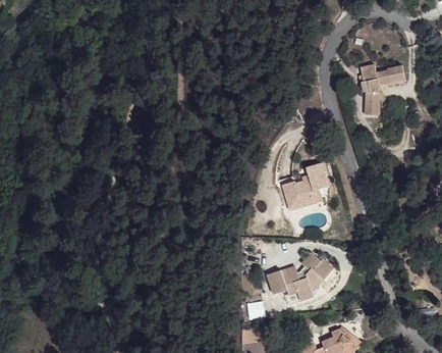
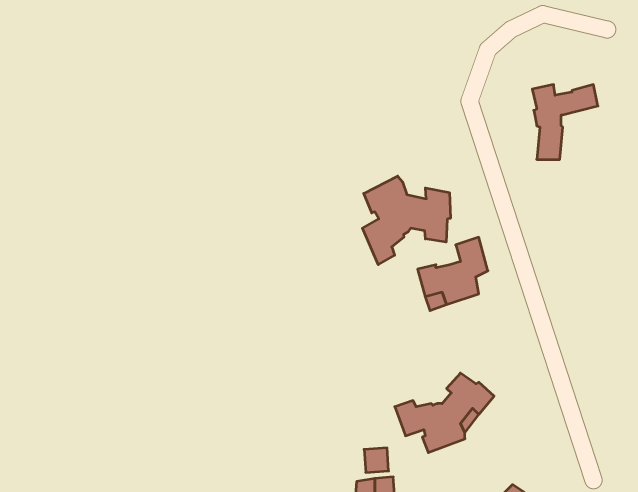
building: none -> [362,176,450,265]

